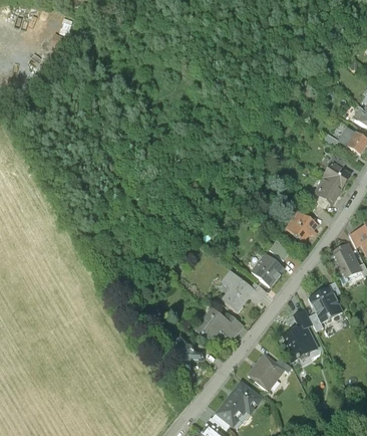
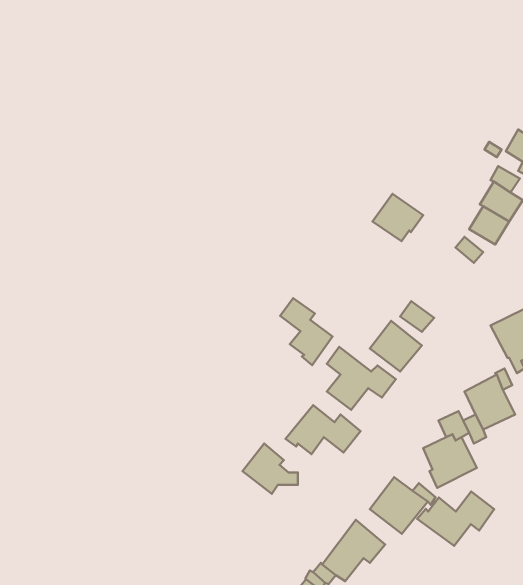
building: [284,208,317,239] -> [372,194,423,241]
building: none -> [280,298,332,365]
building: none -> [417,492,494,546]

